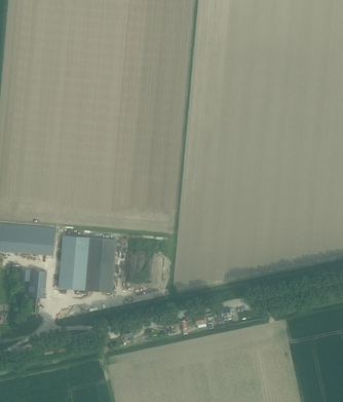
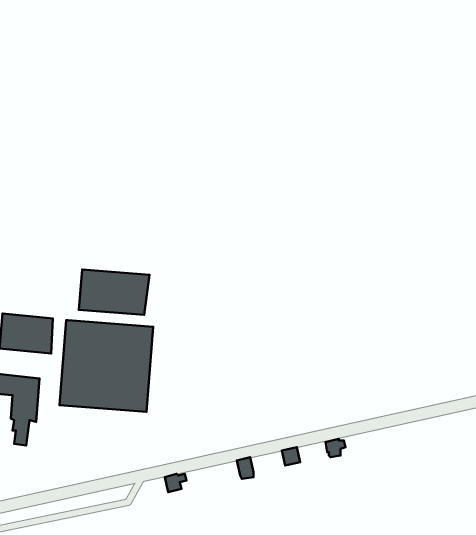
building: none -> [79,269,150,315]

